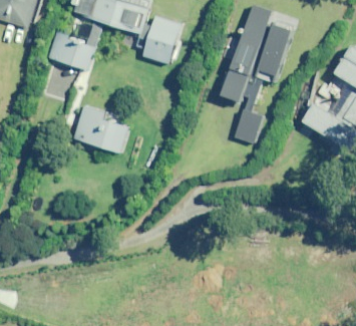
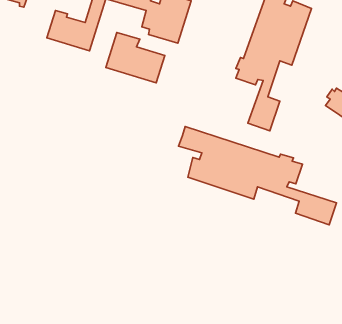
building: [74,106,128,152] -> [106,33,165,83]
building: none -> [178,126,337,225]

